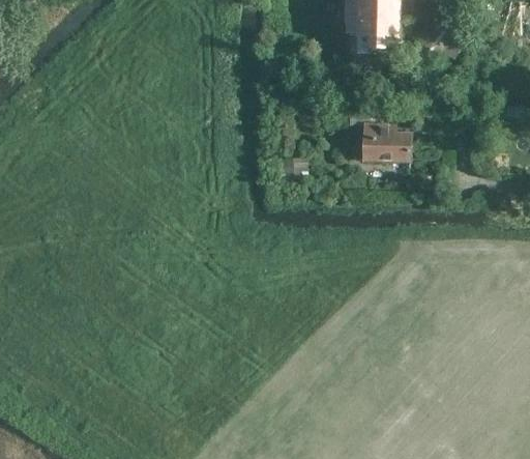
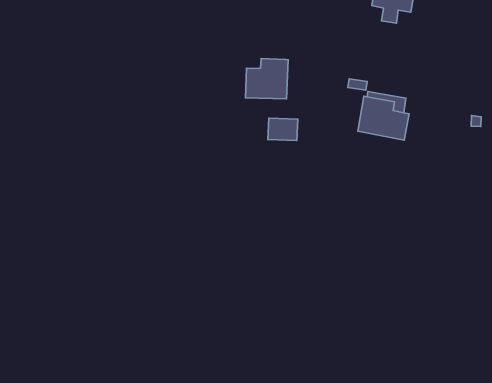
building: none -> [246,59,288,99]

